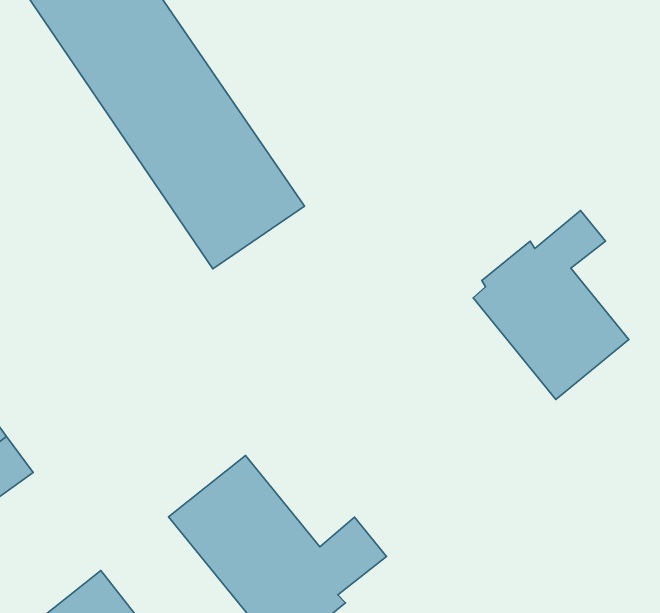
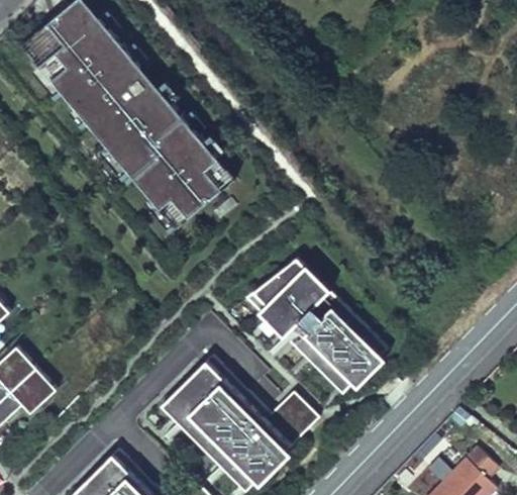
building: [473,210,629,400] -> none
building: none -> [243,253,388,395]

